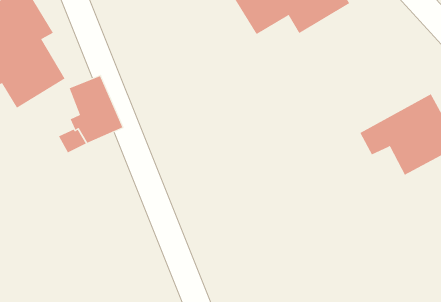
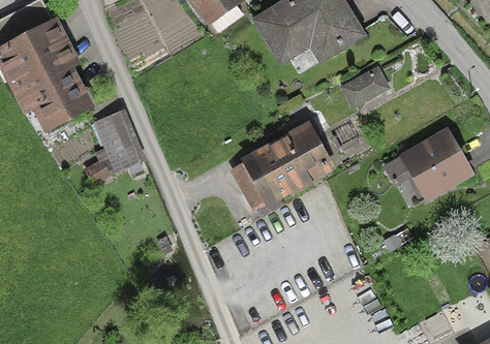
building: none -> [338,66,391,112]
building: none -> [224,119,336,218]

